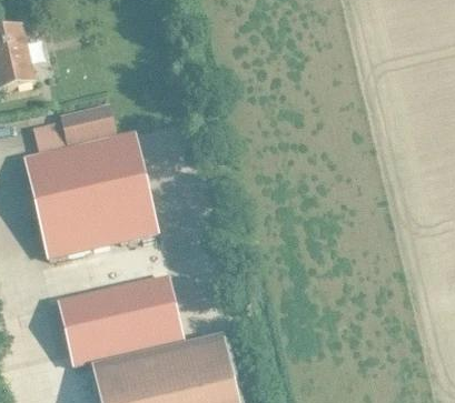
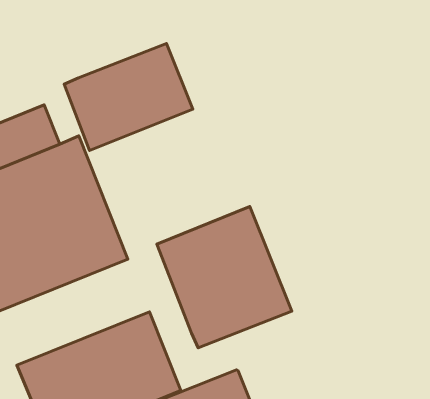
building: none -> [64,44,193,150]
building: none -> [157,207,292,348]

